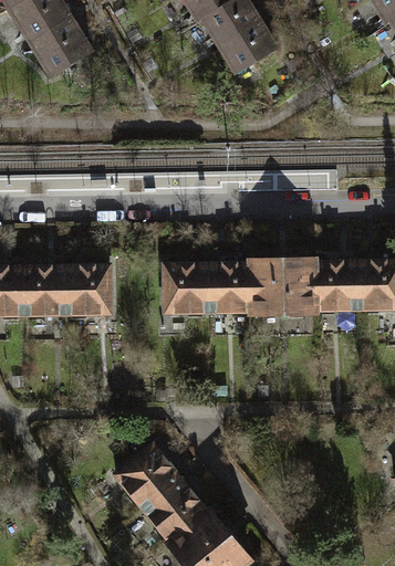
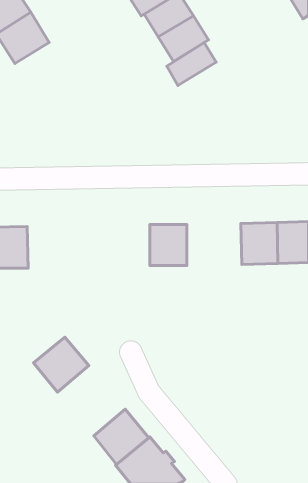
building: none -> [167,43,216,85]
building: [251,256,316,313] -> none
building: [165,263,209,312] -> none
building: [66,265,111,314] -> none
building: [116,444,180,509] -> [34,337,89,392]

